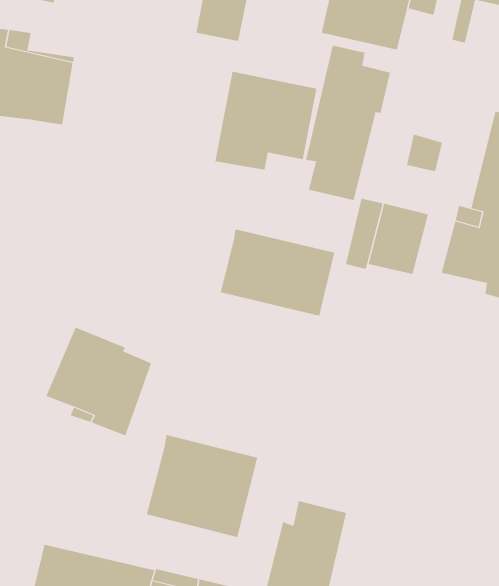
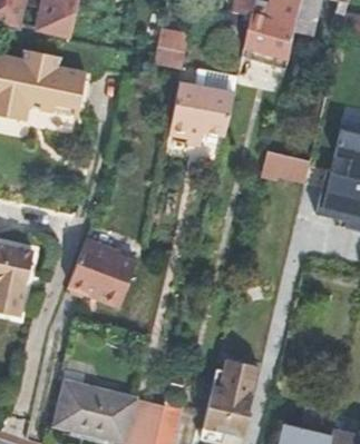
building: [305,45,390,201] -> none
building: [220,228,335,316] -> none
building: [146,434,258,538] -> none

